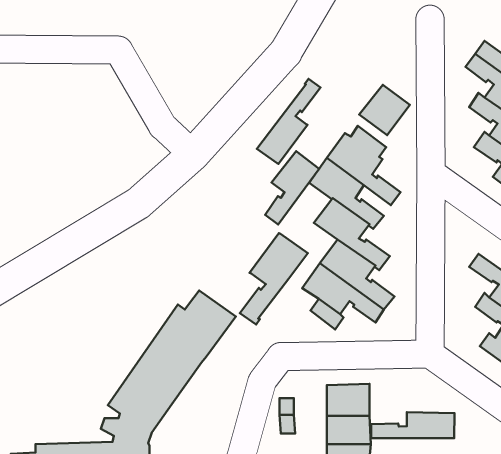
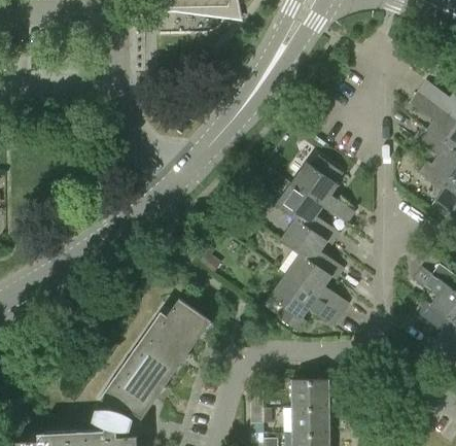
building: [257,79,321,164] -> none
building: [359,85,410,135] -> none
building: [265,151,319,224] -> none
building: [240,233,308,325] -> none
building: [371,412,454,438] -> none

